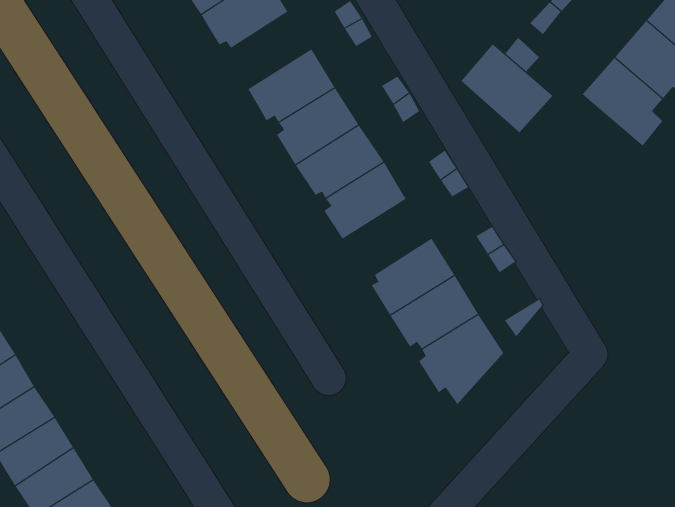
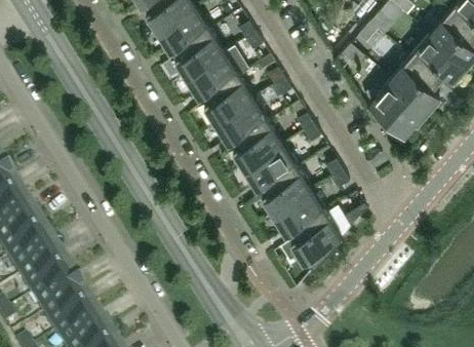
building: none -> [174,29,226,76]
building: [460,44,553,133] -> [370,79,427,133]
building: none -> [244,143,299,189]

